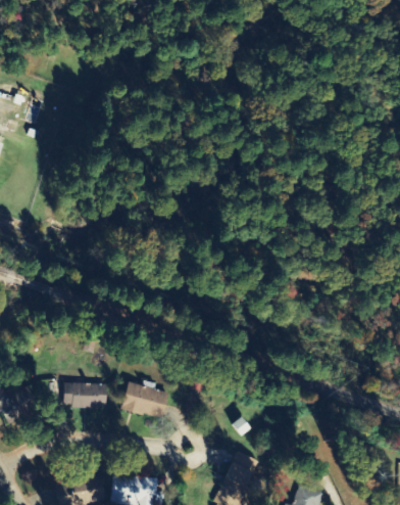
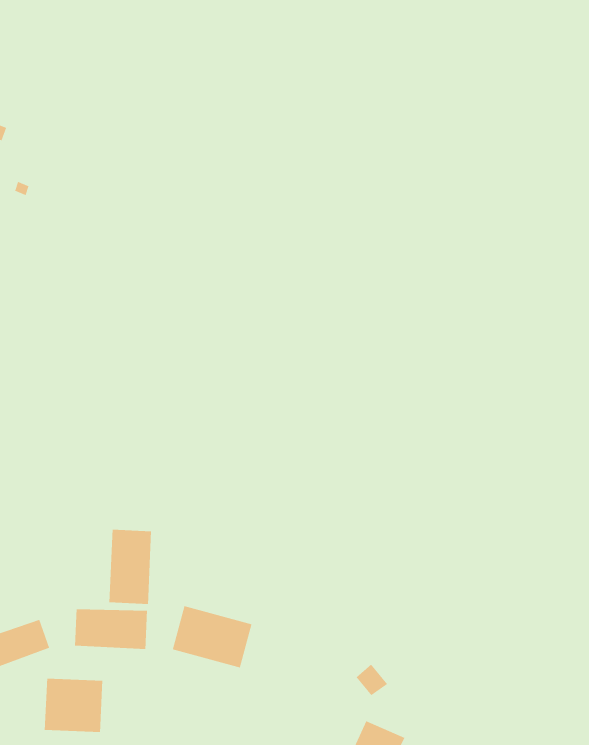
building: none -> [109,529,152,605]
building: none -> [44,678,103,733]

